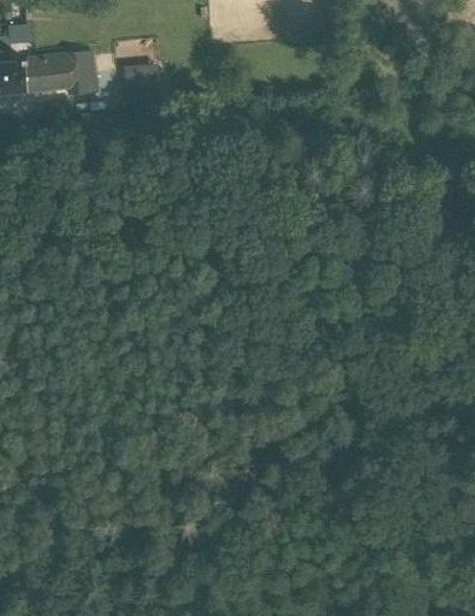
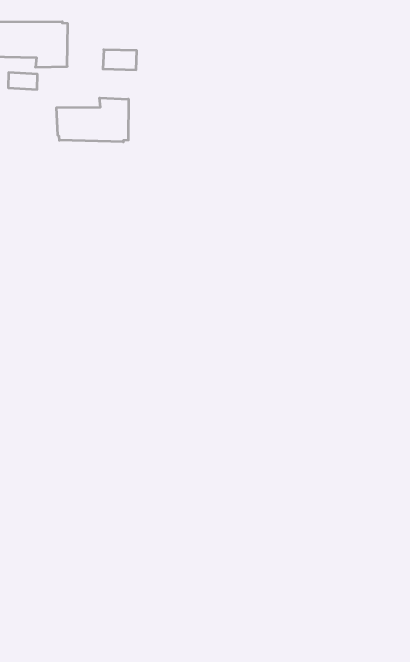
building: none -> [57,98,128,142]

